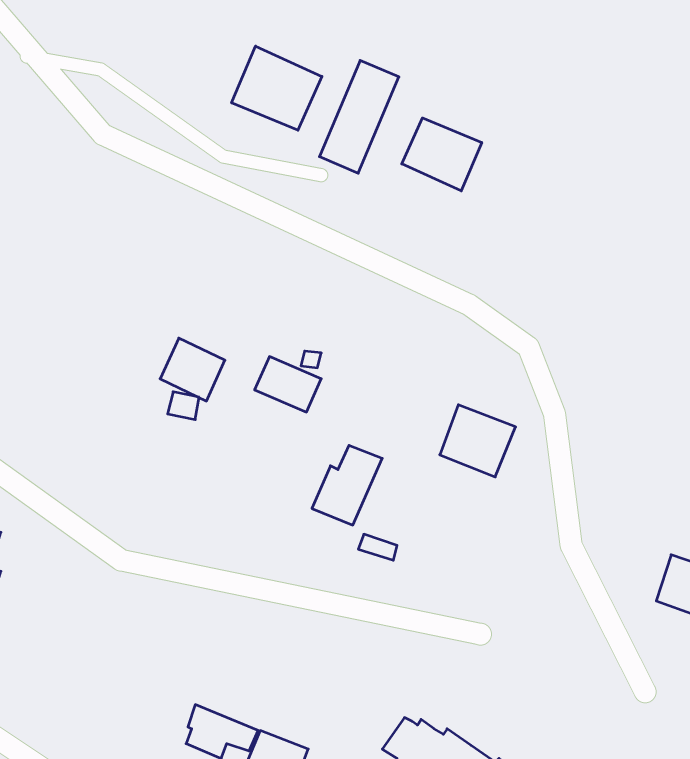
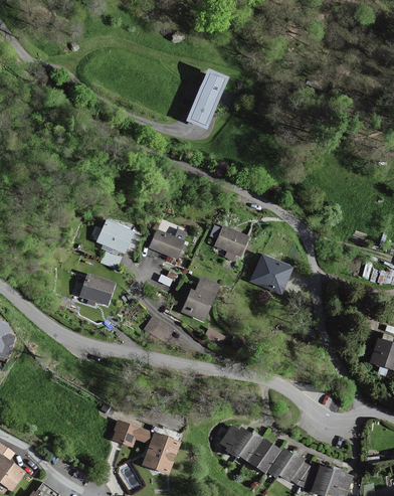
building: [232,46,322,130] -> none
building: [402,118,482,191] -> none
building: none -> [216,226,248,254]
building: none -> [79,274,115,306]

